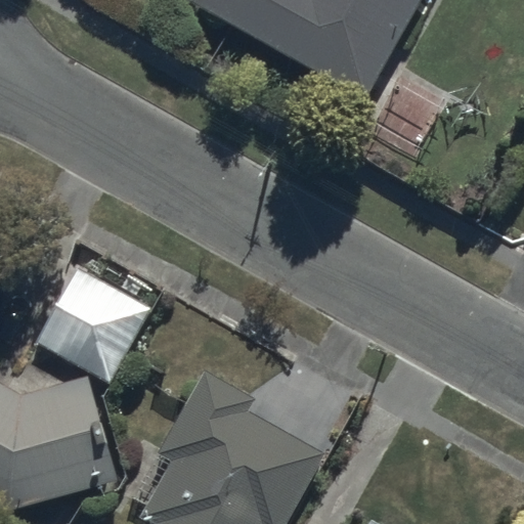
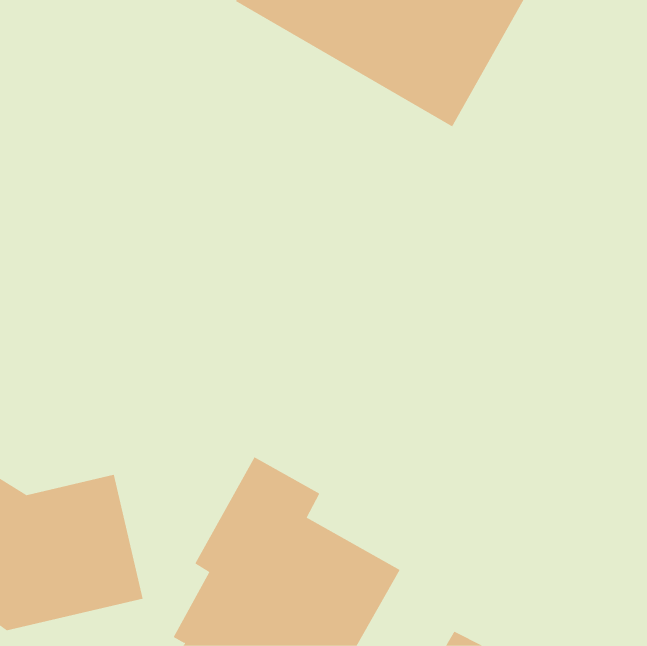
building: [35,265,149,380] -> none

